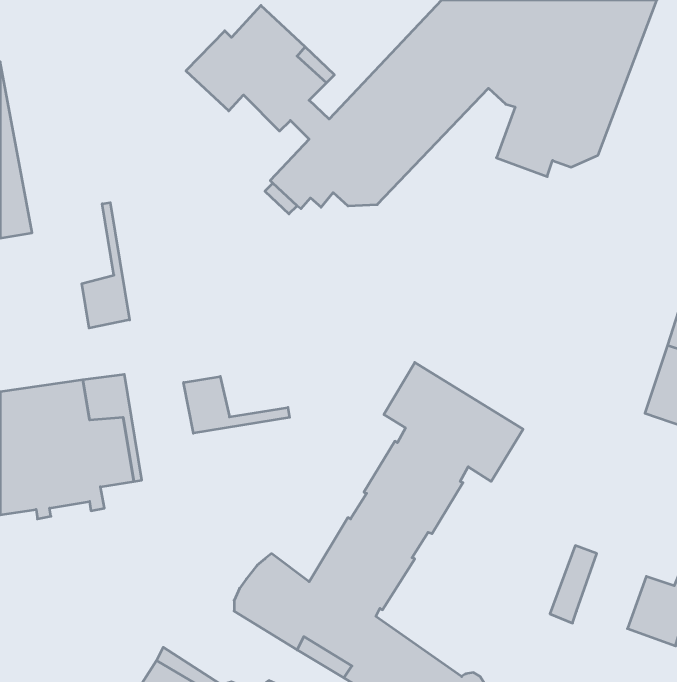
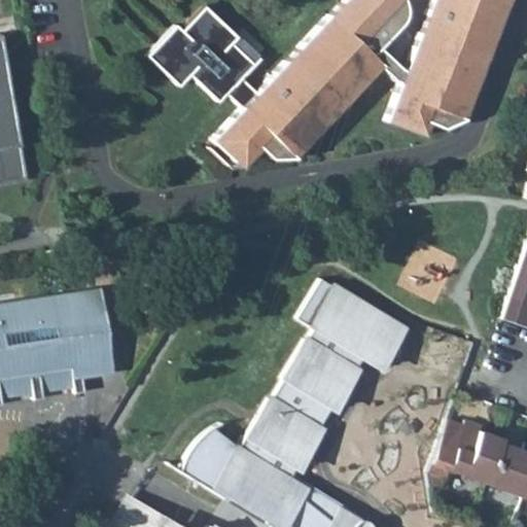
building: [82,203,130,328] -> none
building: [184,376,290,433] -> none
building: none -> [449,422,504,485]

